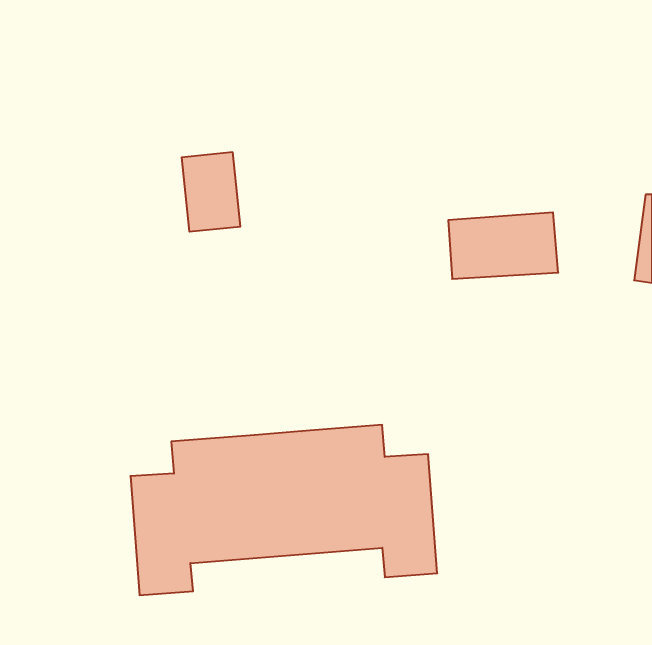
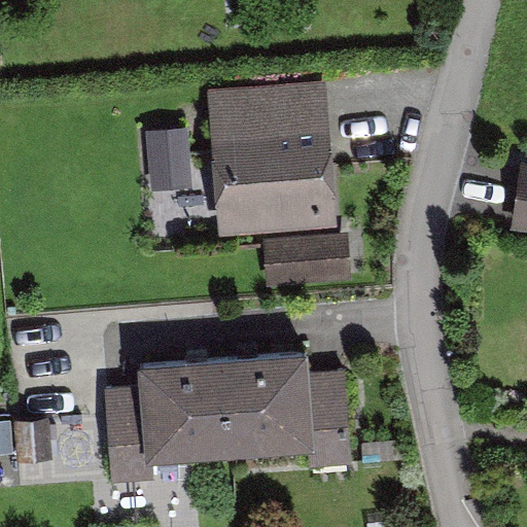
building: none -> [219,97,327,222]
building: [448,212,558,279] -> [264,236,352,289]

